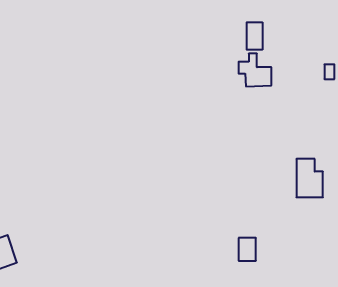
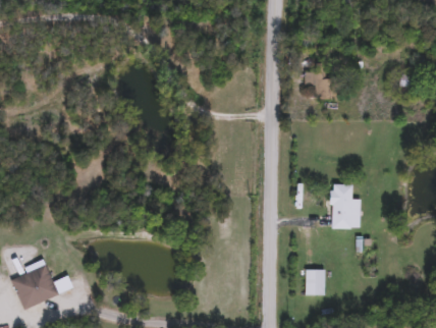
building: [247,22,262,50] -> none
building: [296,159,323,197] -> [330,184,360,227]

